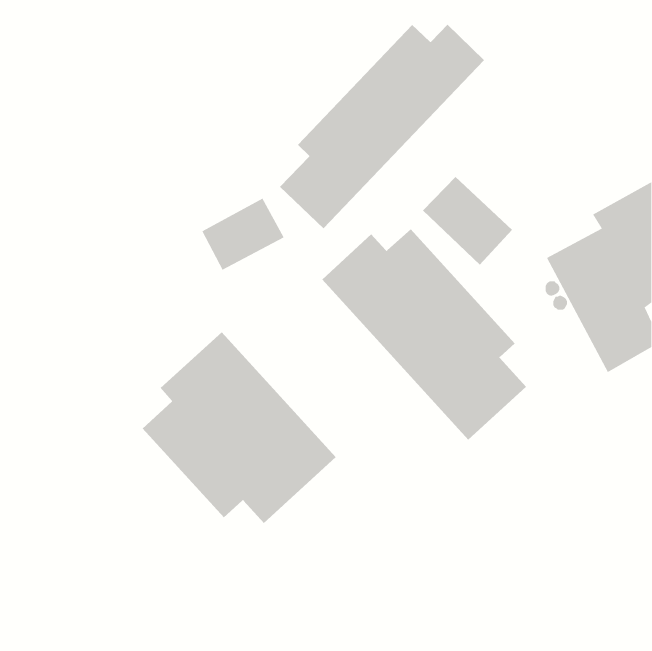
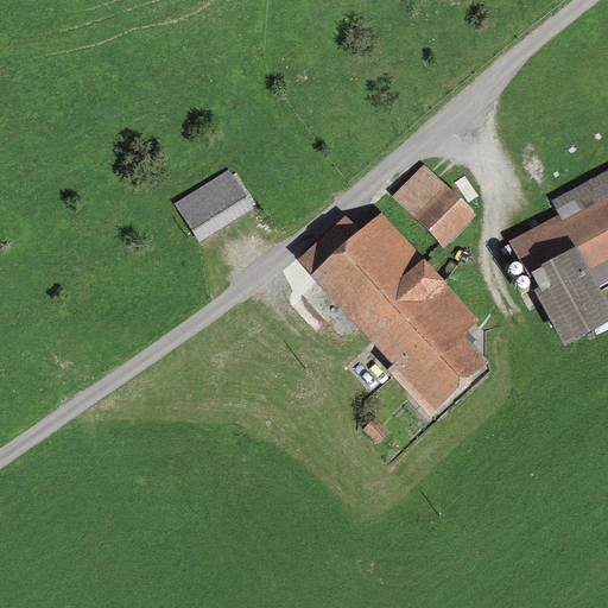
building: [279,24,485,229] -> none
building: [142,331,337,524] -> none

